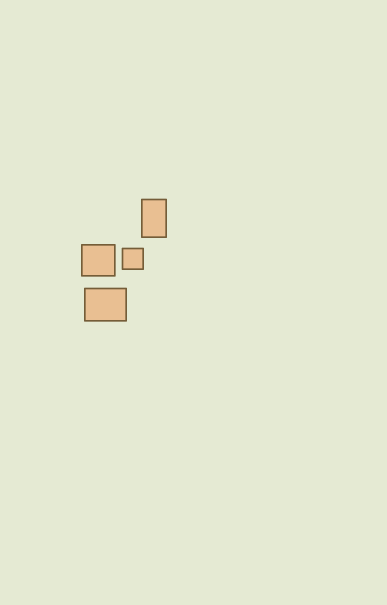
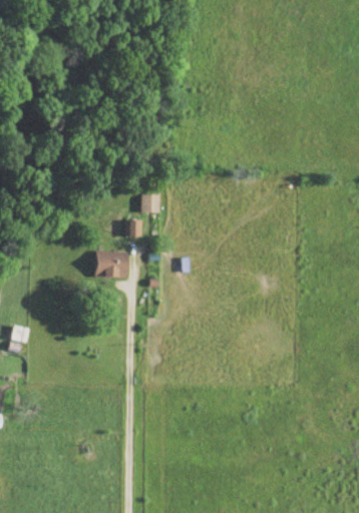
building: [82,245,115,276] -> none

